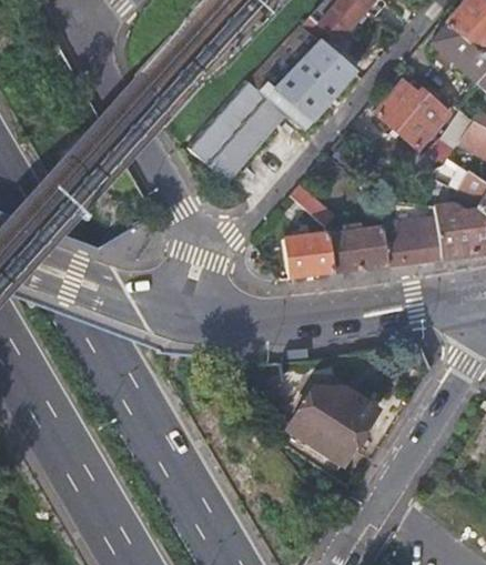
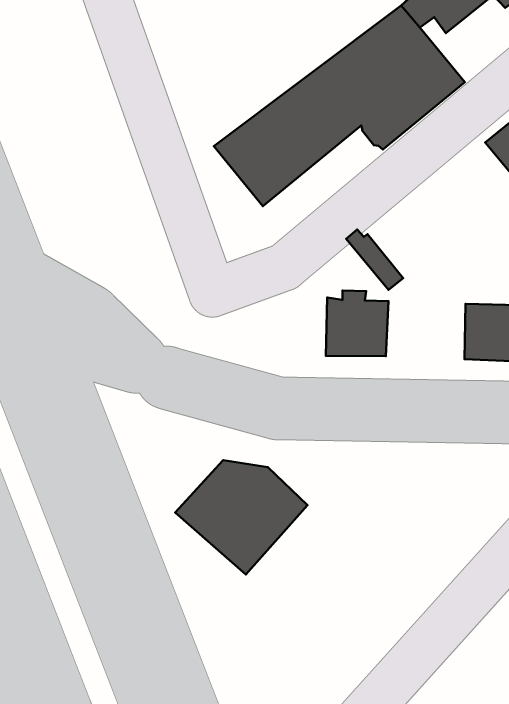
building: [328,223,388,272] -> none
building: [286,387,378,465] -> [175,460,308,575]

